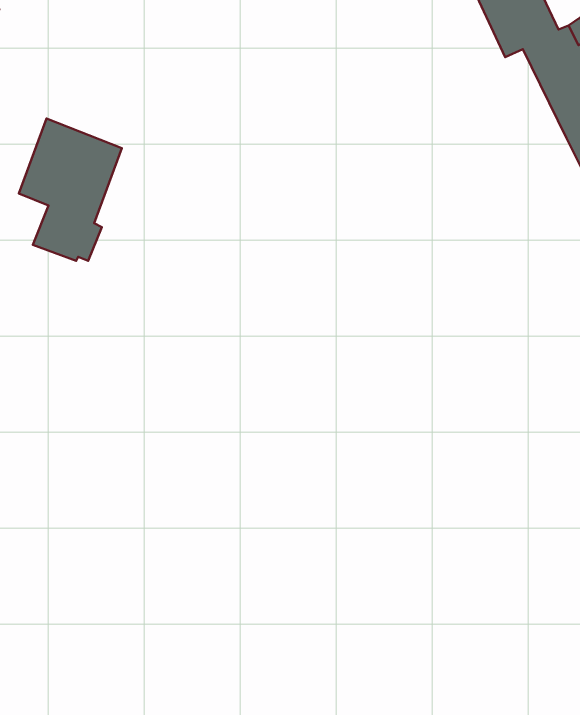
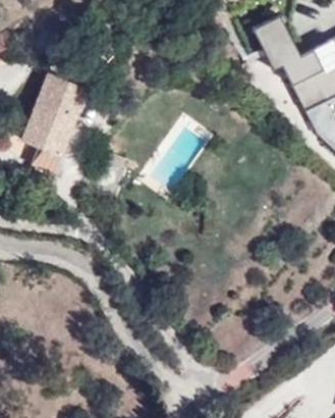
building: none -> [37,75,86,117]

